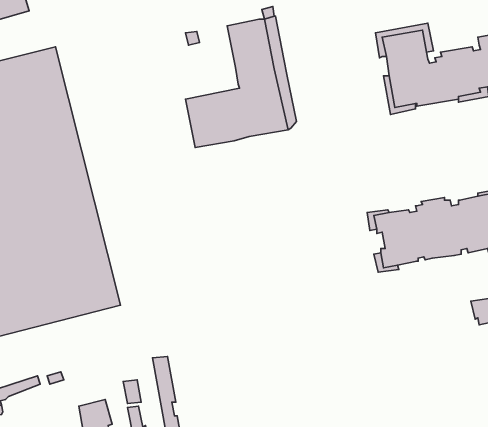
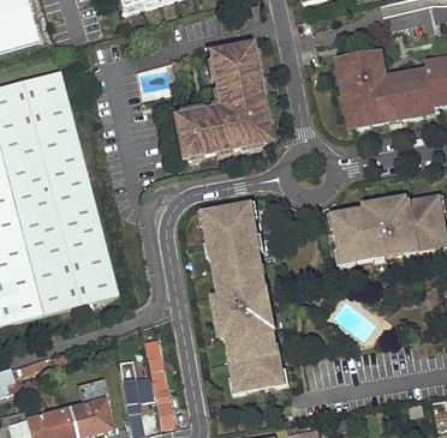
building: none -> [207,206,284,390]

